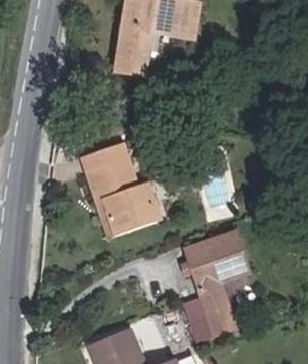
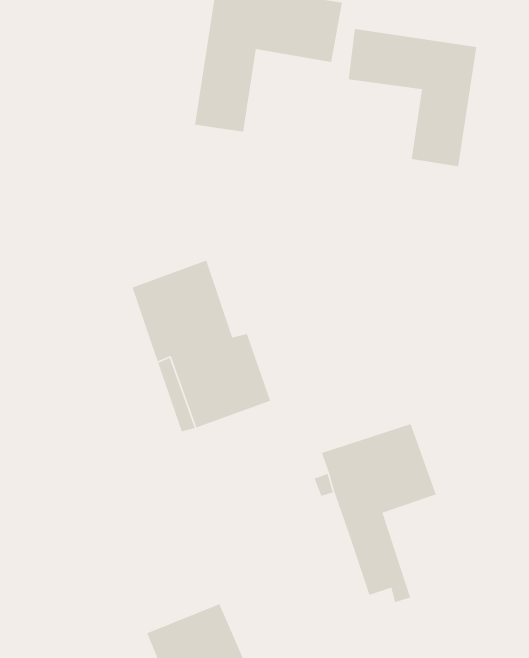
building: none -> [348,28,477,167]
building: [184,297,226,341] -> none

